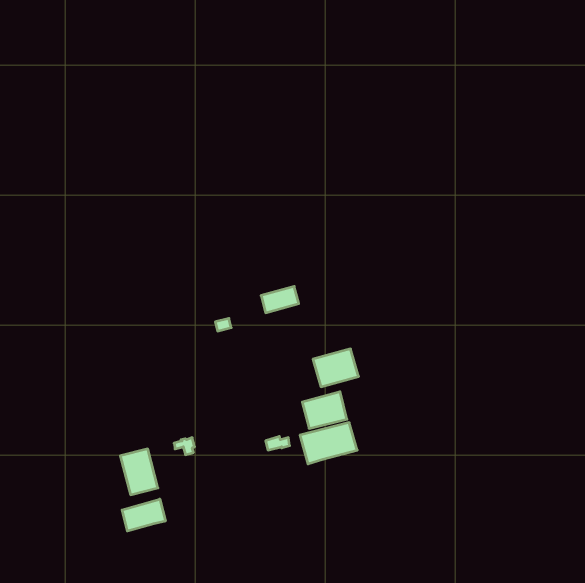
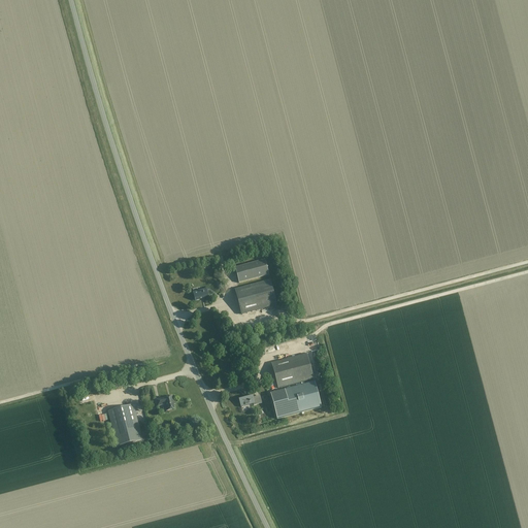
building: [313,349,359,387] -> [235,278,276,312]
building: [122,499,165,531] -> none

